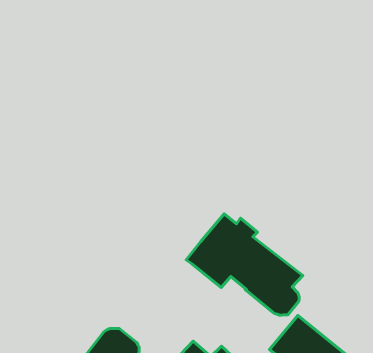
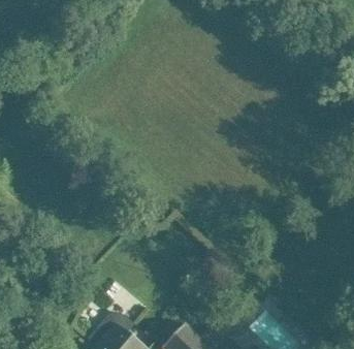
building: [186,214,303,315] -> none

